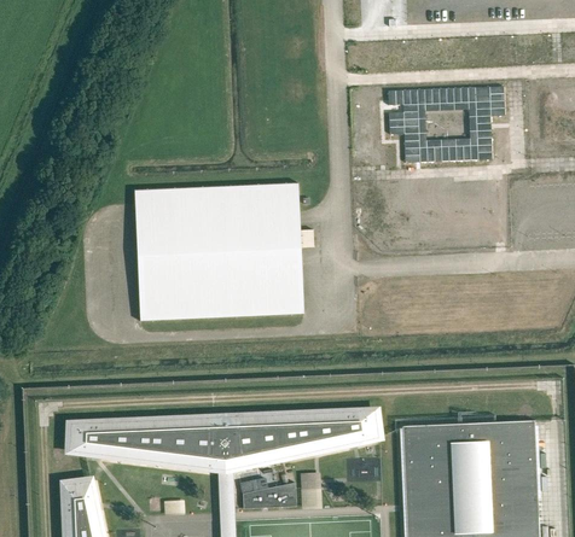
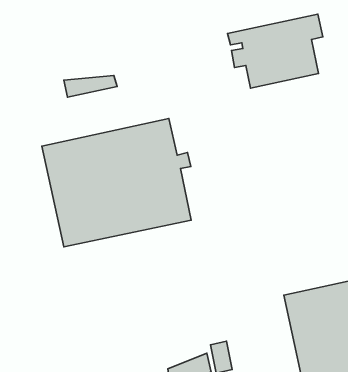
building: none -> [64,76,117,97]
building: [70,410,378,469] -> none

